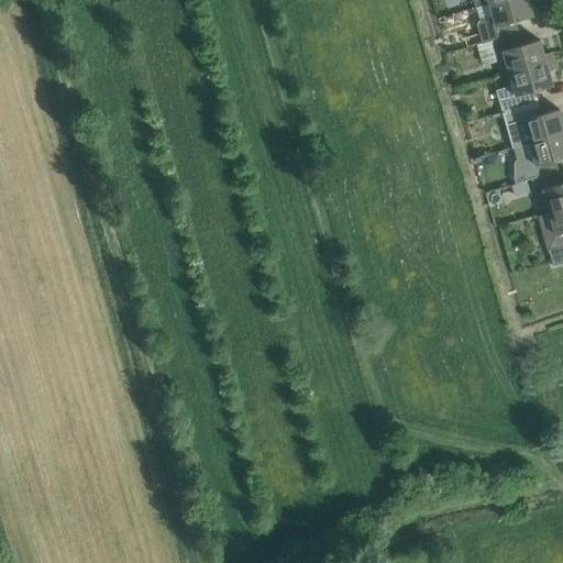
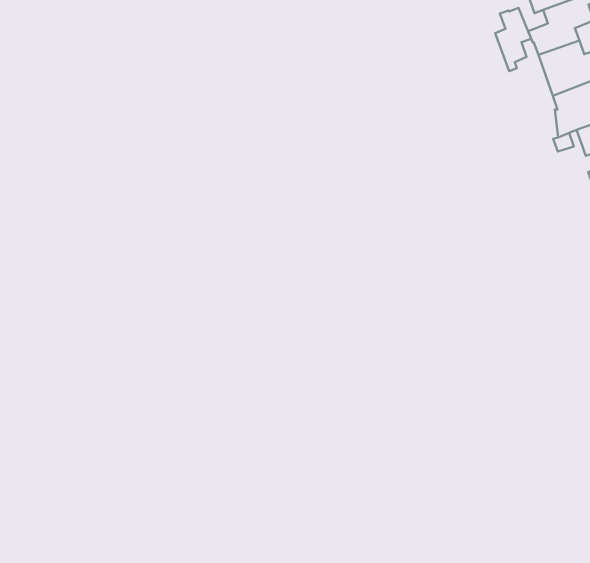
building: none -> [495,8,531,71]

